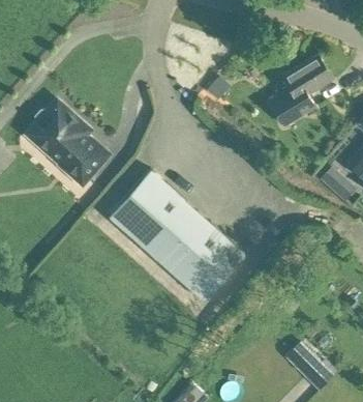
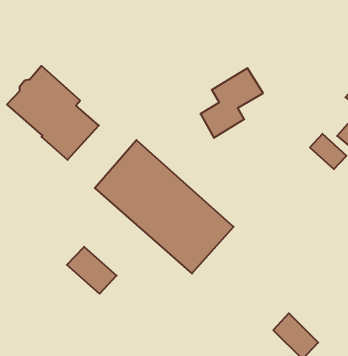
building: [270,55,332,124] -> [200,68,263,138]
building: none -> [67,247,117,294]

